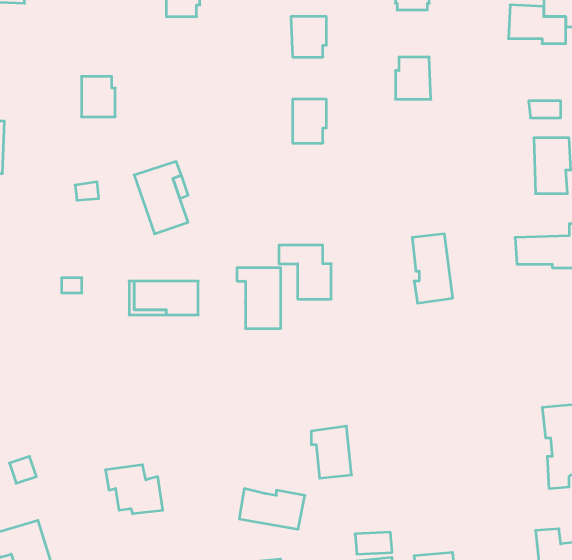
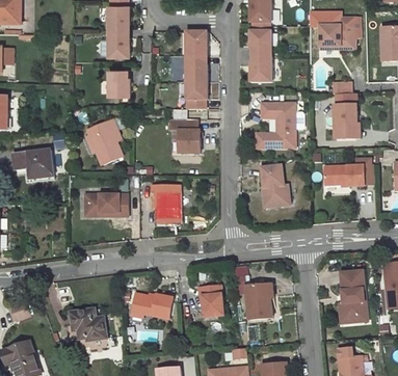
building: none -> [249,27,270,56]
building: none -> [108,31,129,56]
building: none -> [186,56,207,82]
building: [81,76,115,117] -> [108,71,129,96]
building: none -> [256,104,303,149]
building: none -> [14,149,53,178]
building: [279,245,331,299] -> [167,119,200,153]
building: none -> [245,285,271,320]
building: [239,489,305,529] -> [131,292,171,317]

